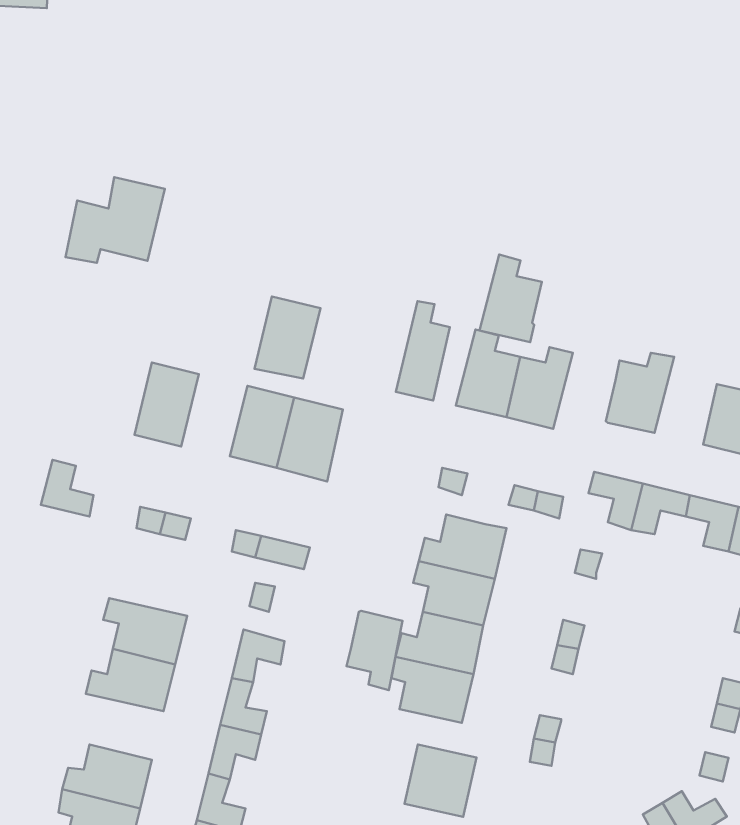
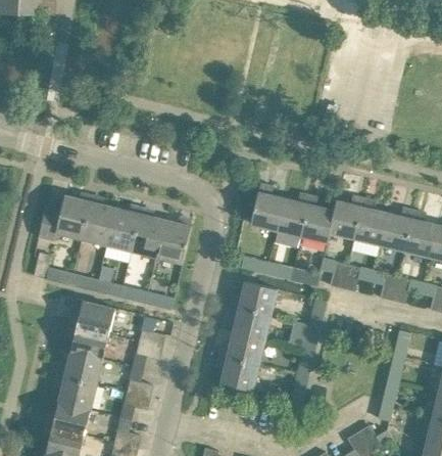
building: [66,177,165,263] -> [39,195,91,240]
building: [480,255,542,342] -> [301,196,334,242]
building: [254,297,321,378] -> [106,208,141,250]
building: [396,301,450,400] -> none
building: none -> [354,198,387,244]
building: none -> [68,299,115,334]
building: [347,611,402,690] -> none
building: none -> [53,375,97,410]
building: [404,745,477,817] -> none

